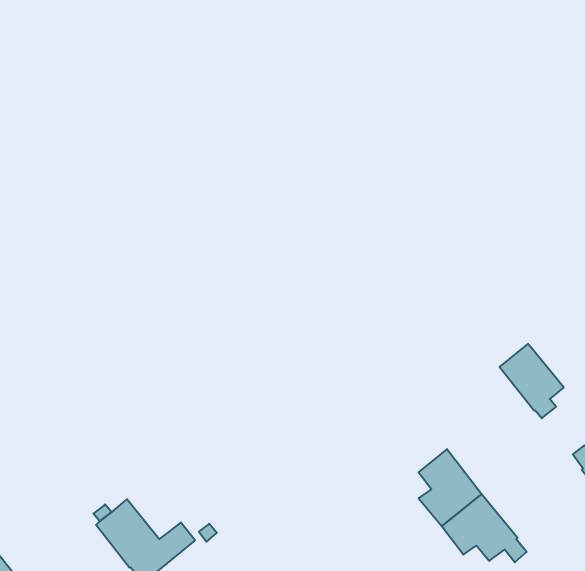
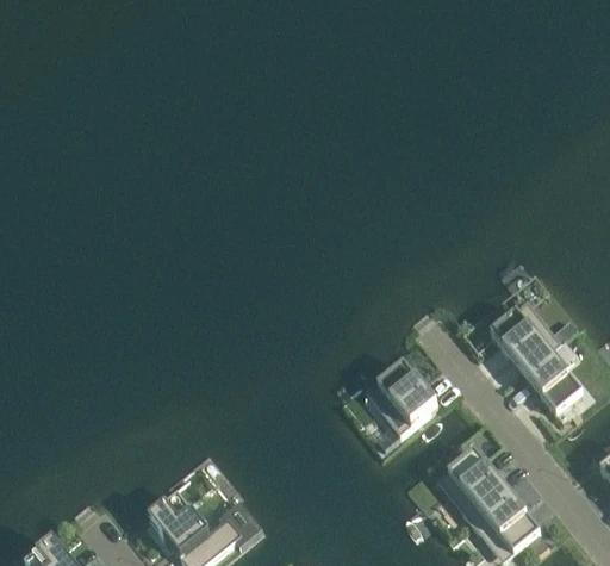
building: none -> [488,300,560,372]
building: none -> [375,361,436,433]

